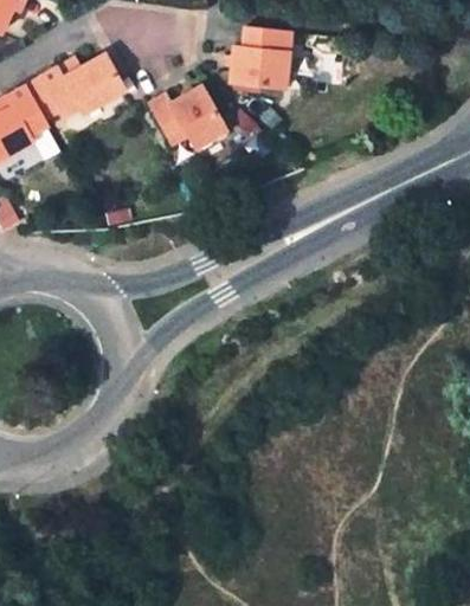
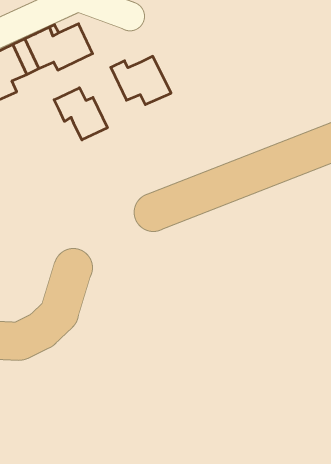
building: [232,27,291,88] -> none
building: none -> [54,88,107,140]

